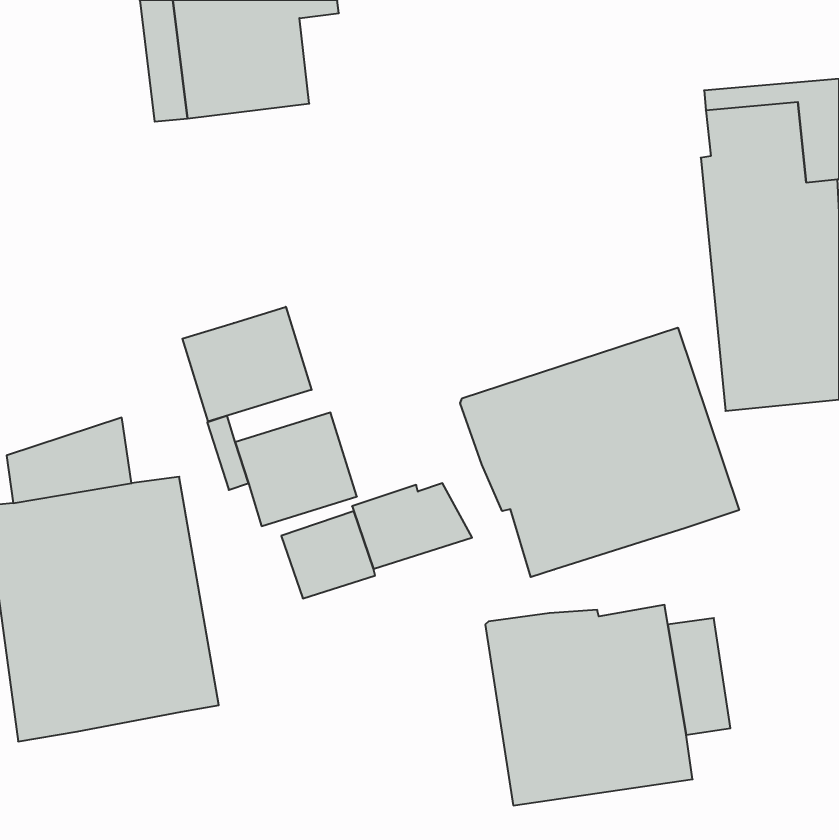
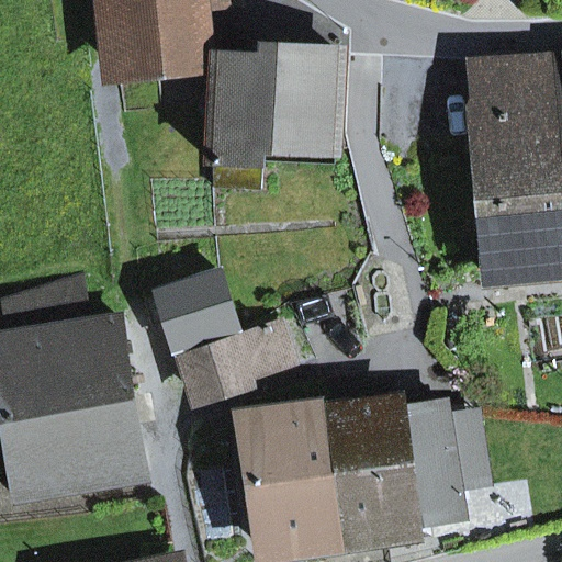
building: none -> [213,52,339,189]
building: [182,307,312,422] -> none
building: [460,328,739,577] -> none
building: none -> [243,404,342,548]

